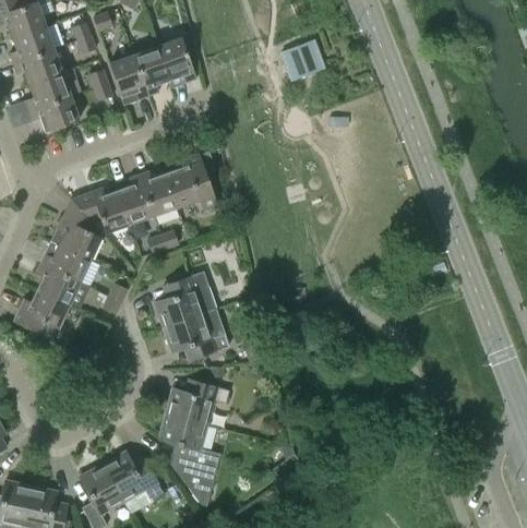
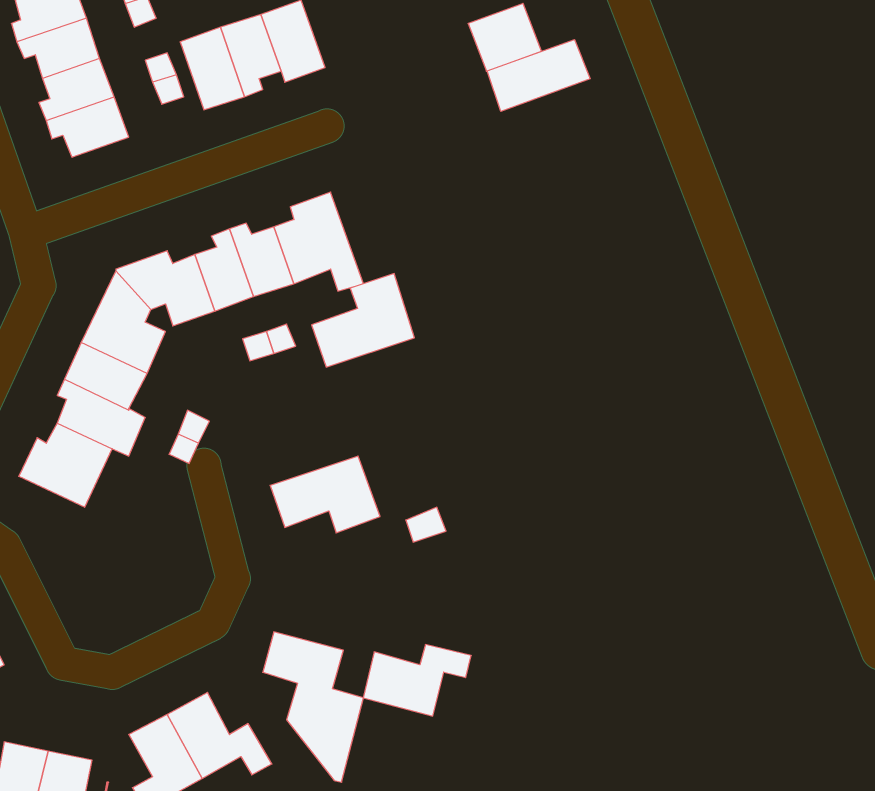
building: none -> [487,40,590,111]
building: [155,272,216,327] -> [312,274,414,367]
building: [166,383,230,425] -> [363,645,471,716]

